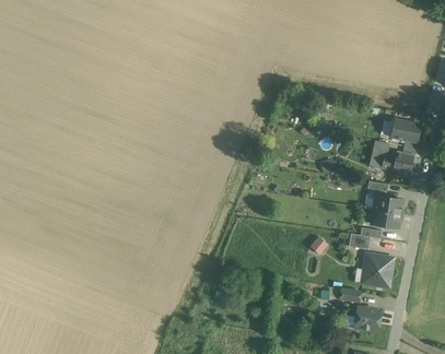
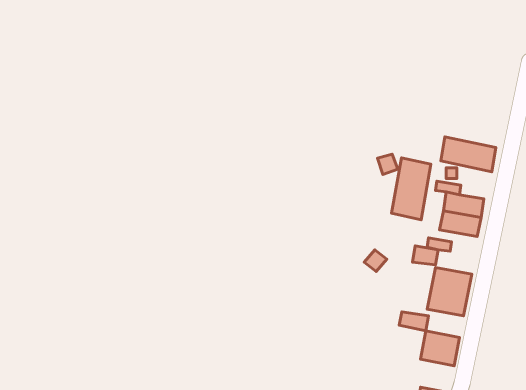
building: [390,119,421,142] -> none
building: none -> [392,158,431,220]

